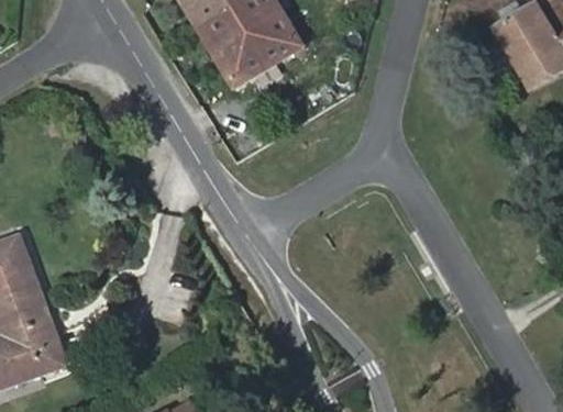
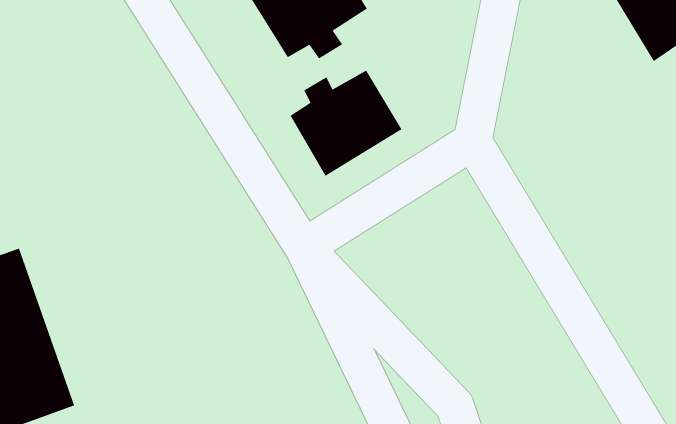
building: none -> [289,69,403,177]

